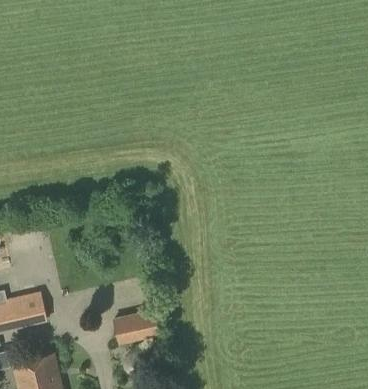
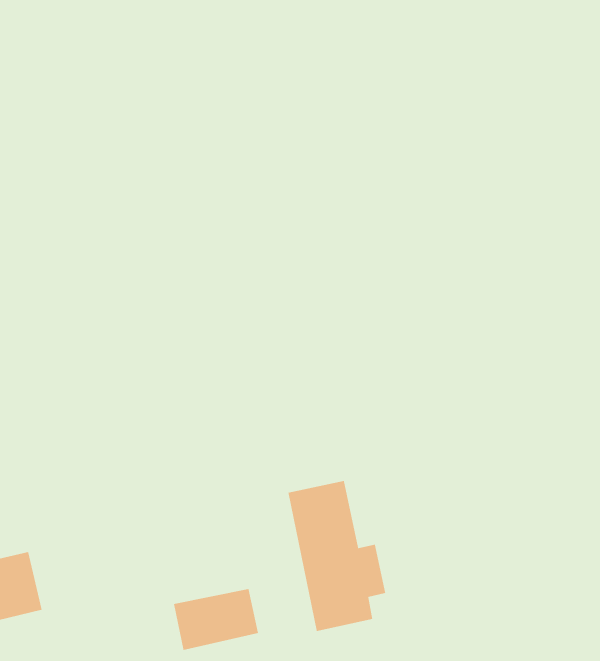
building: none -> [288,480,386,632]

